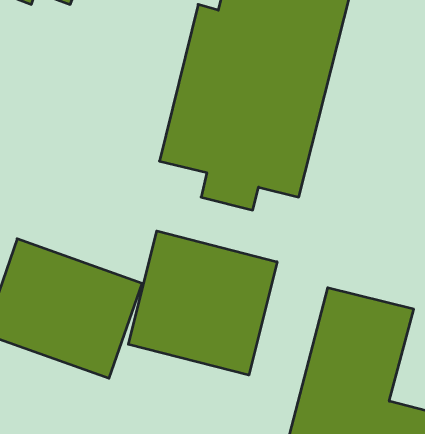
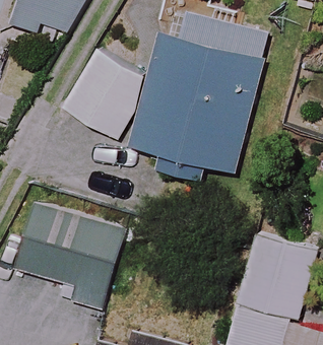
building: none -> [64,50,148,137]
building: [128,231,277,375] -> none

